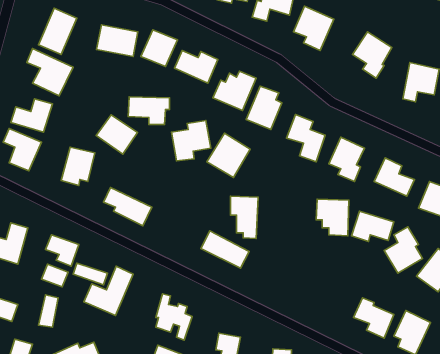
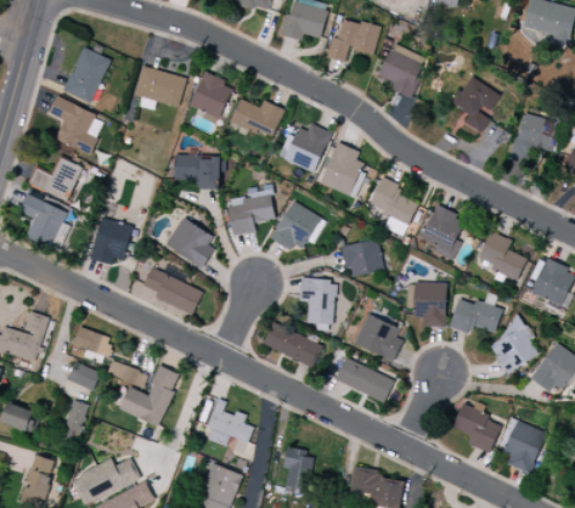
building: [96,115,138,154] -> [167,218,218,266]
building: none -> [340,238,384,277]
building: none -> [355,314,402,361]
building: none -> [336,360,394,400]

